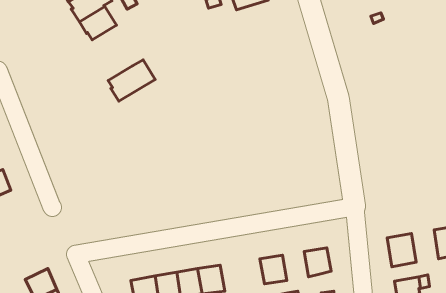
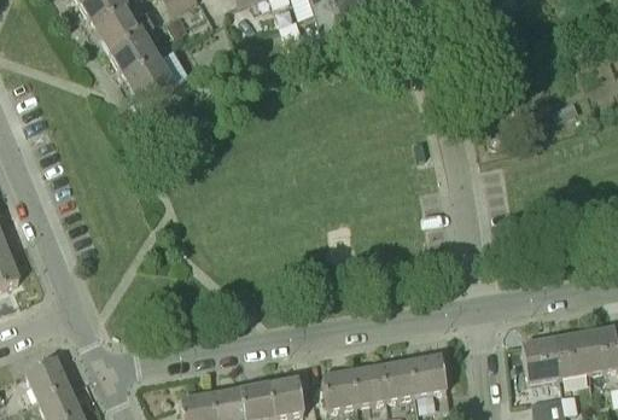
building: [108,60,155,101] -> [127,49,190,105]
building: none -> [554,332,590,375]
building: none -> [25,357,68,398]
building: none -> [381,361,416,399]
building: none -> [322,371,357,409]

